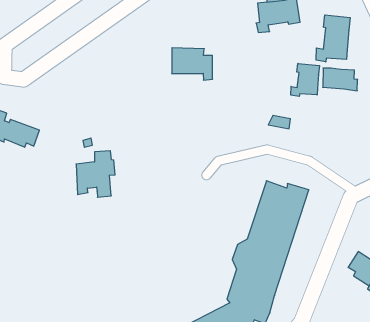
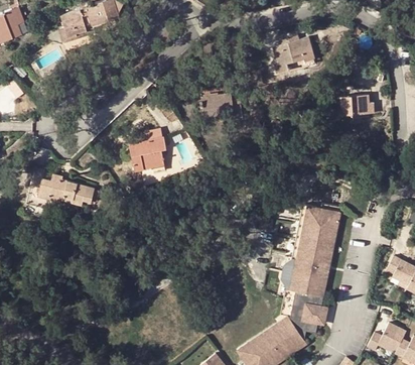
building: [316,15,350,62] -> none
building: [291,63,320,96] -> none
building: [76,151,115,197] -> [129,128,165,171]

